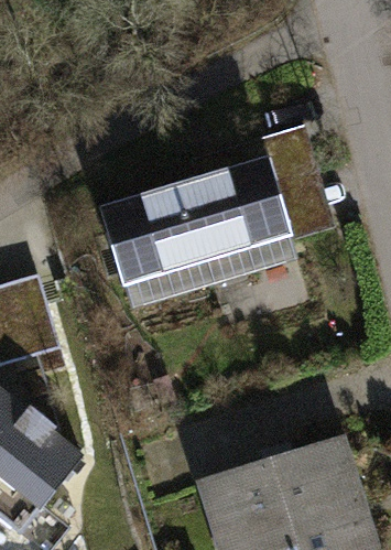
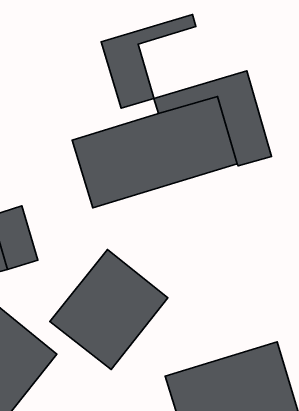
building: none -> [101,15,196,108]
building: none -> [50,250,168,370]

